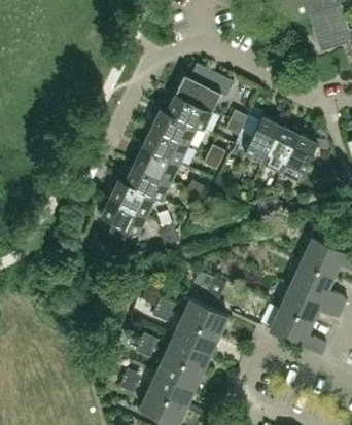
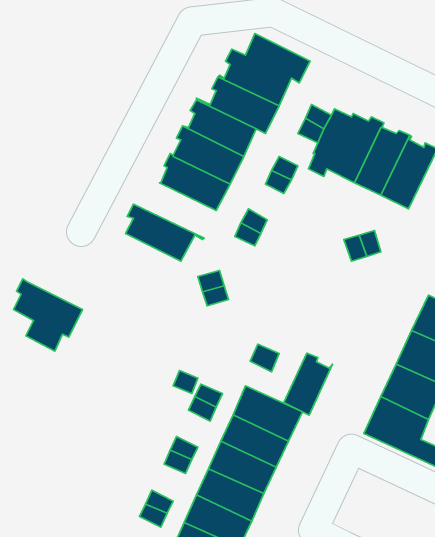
building: [115,162,171,201] -> none
building: [101,196,147,244] -> [13,279,83,351]
building: none -> [284,353,332,415]

